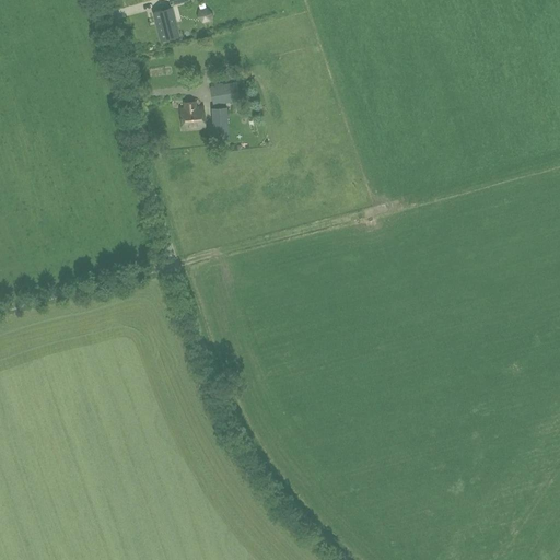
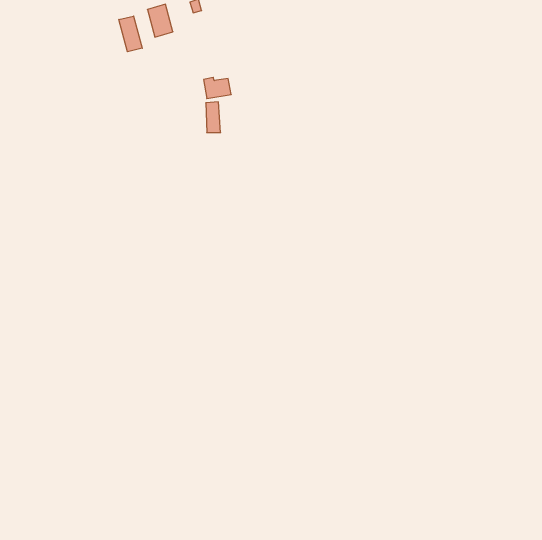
building: none -> [119,16,142,52]
building: [179,100,205,128] -> none

